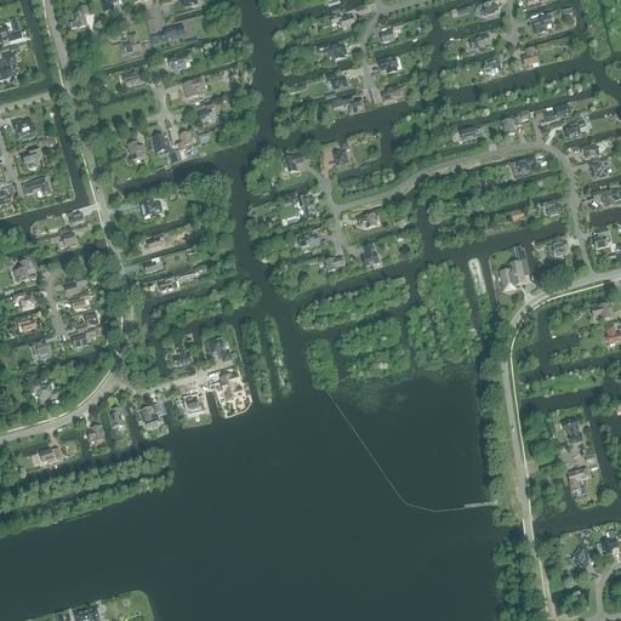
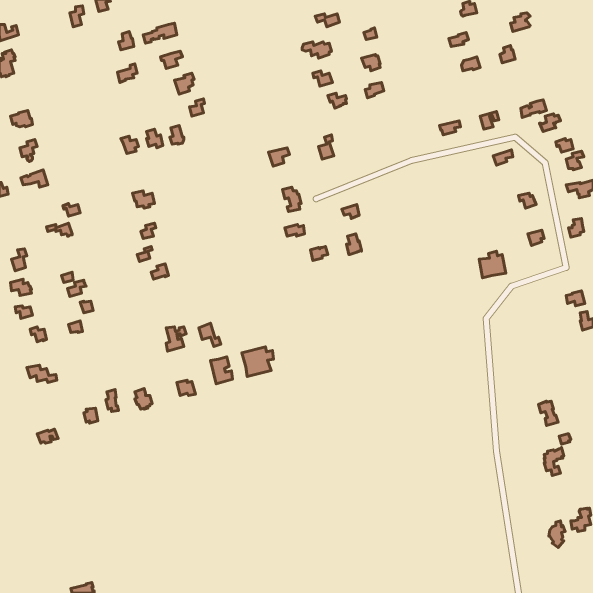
building: none -> [242,347,274,376]

